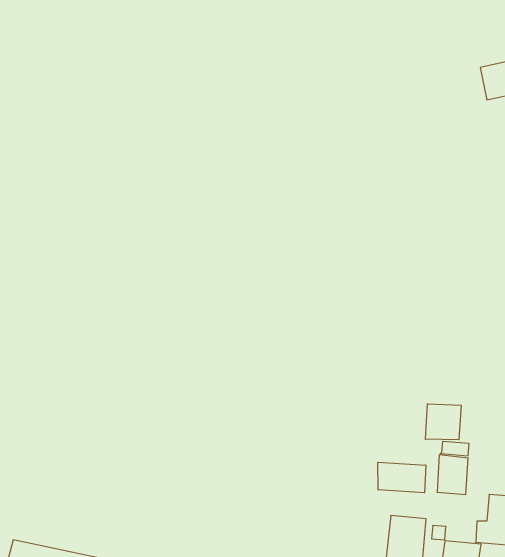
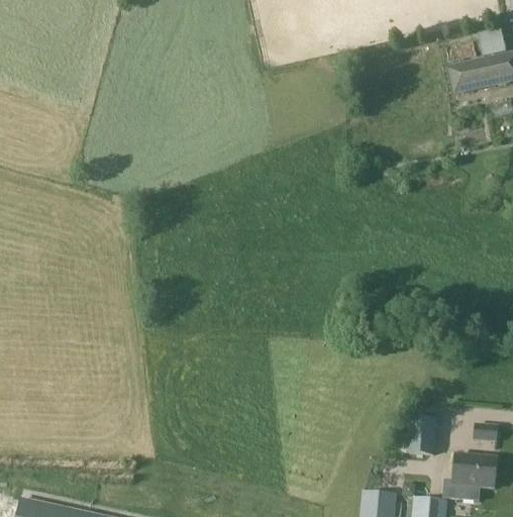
building: [425,404,461,440] -> none
building: [378,462,426,493] -> none

